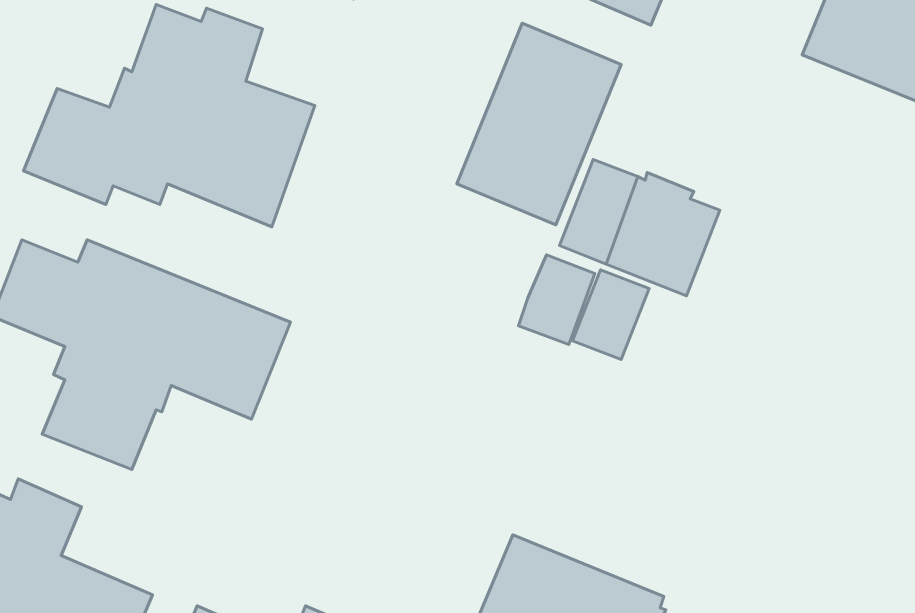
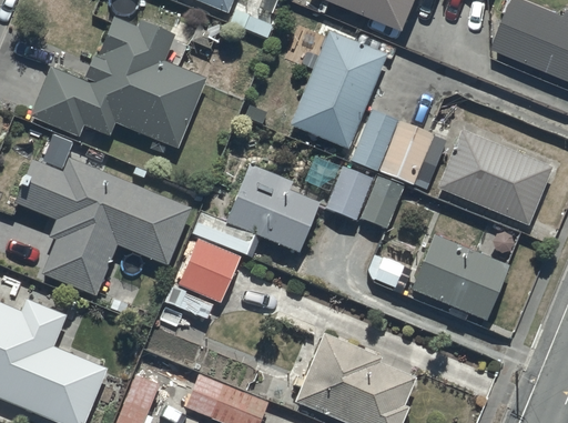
building: none -> [437,130,550,224]
building: none -> [176,165,318,320]
building: none -> [410,234,507,319]

